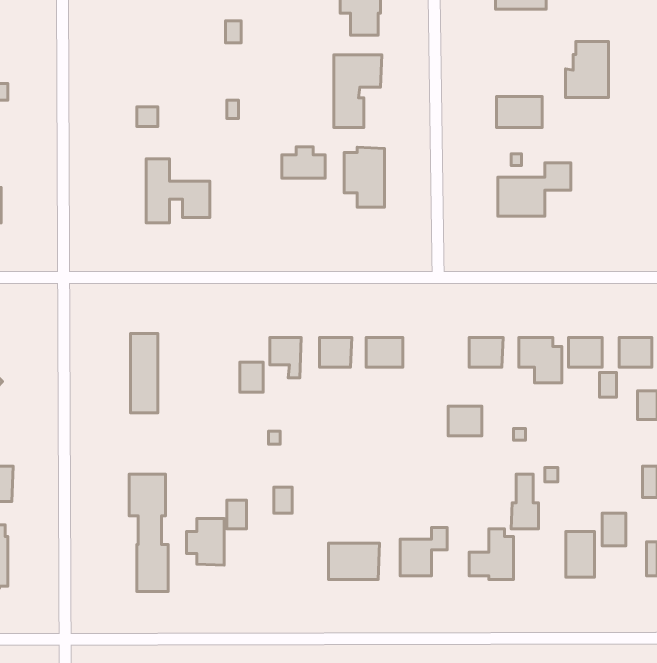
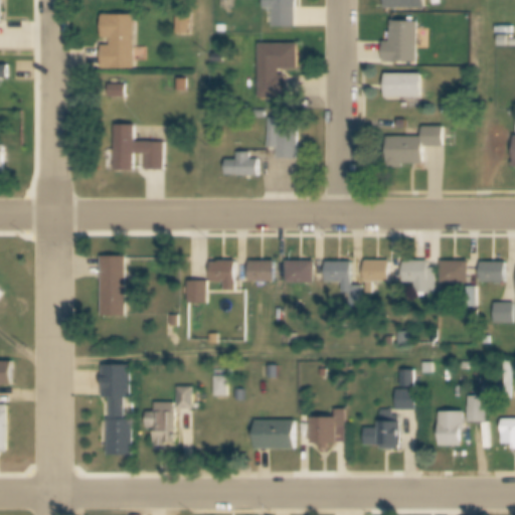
building: none -> [100,15,132,69]
building: [565,42,608,98] -> [381,20,414,63]
building: [282,147,325,178] -> [223,153,256,177]
building: [448,406,482,436] -> [323,261,349,284]

